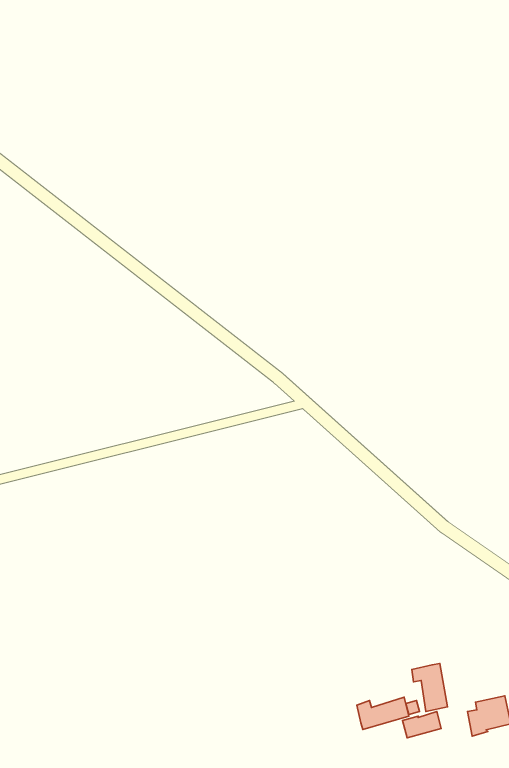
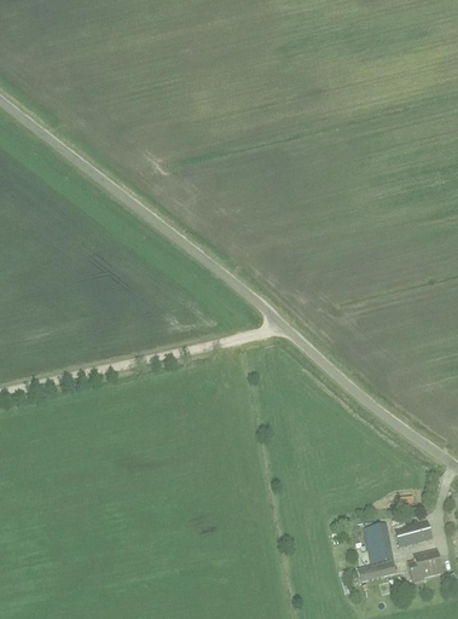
building: none -> [395,521,430,545]
building: [357,697,409,730] -> none

